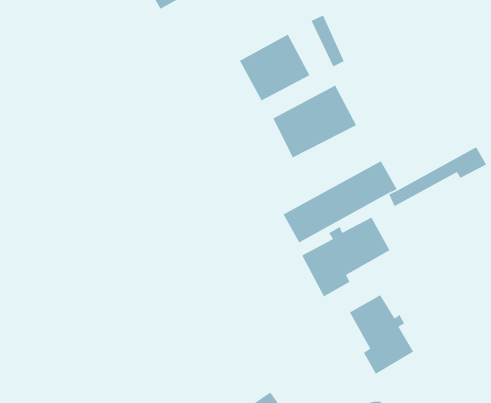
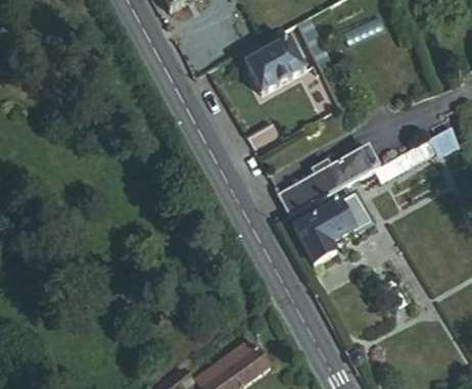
building: [272,85,357,158] -> none
building: [349,294,414,375] -> none

